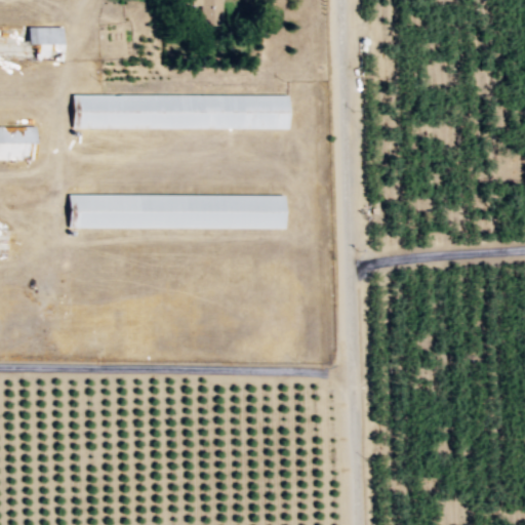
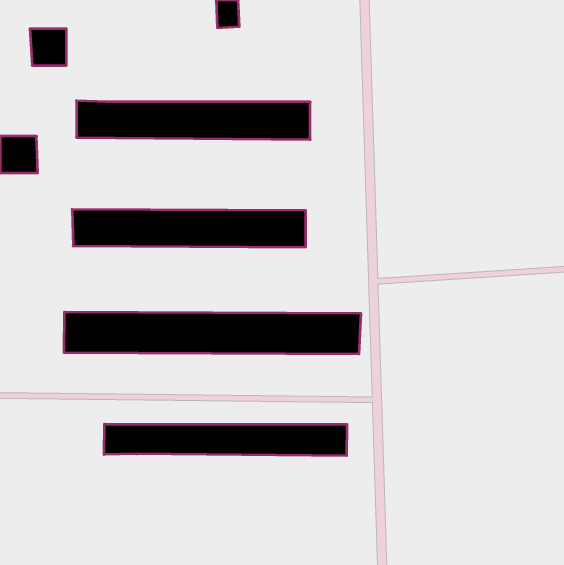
building: none -> [64,312,361,354]
building: none -> [104,424,347,456]

